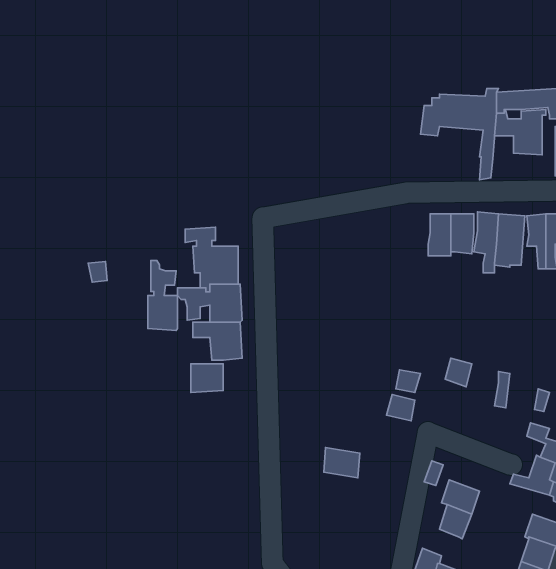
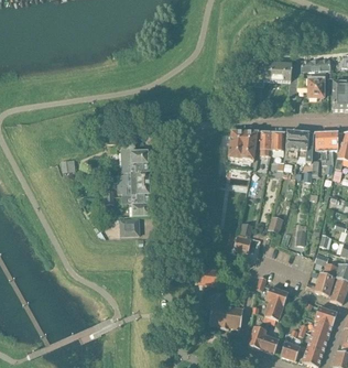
building: none -> [228,131,258,162]
building: [148,261,178,331] -> none
building: none -> [209,304,243,329]

